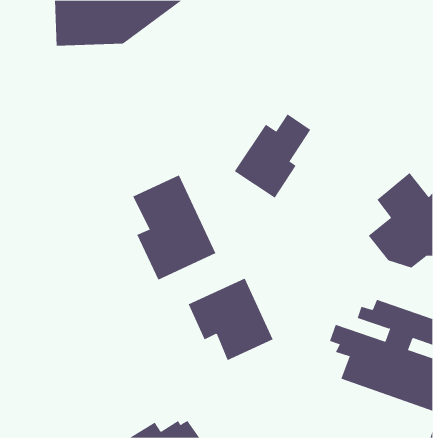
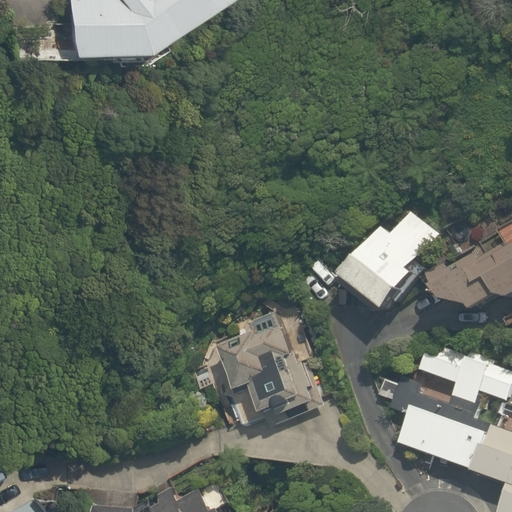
building: [234,114,311,198] -> [346,216,436,315]
building: [132,174,216,280] -> none

